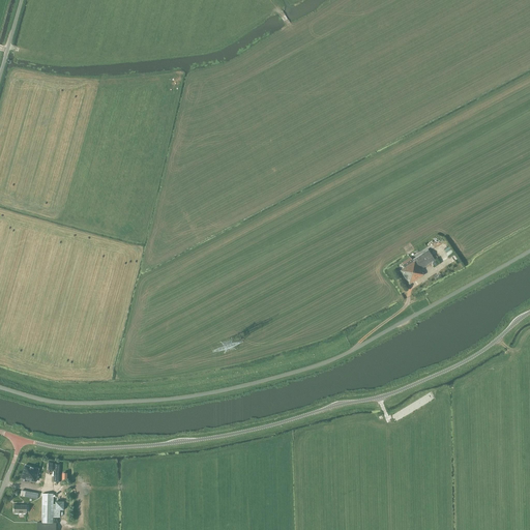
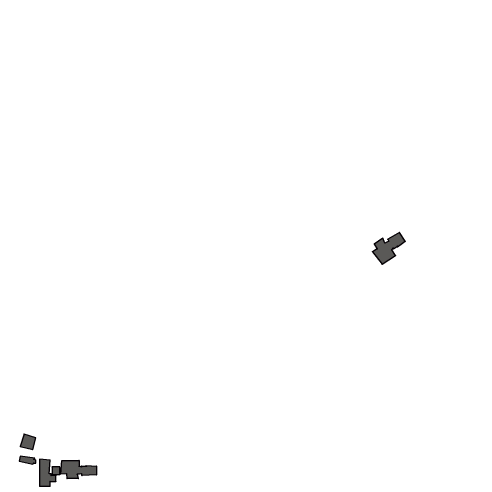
building: none -> [61,460,96,479]

